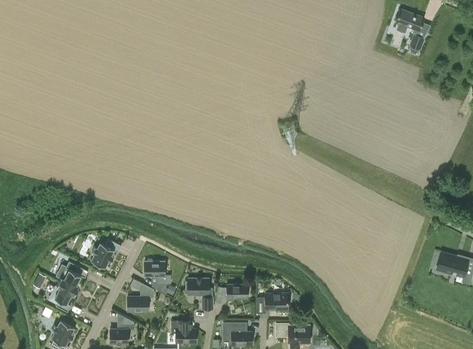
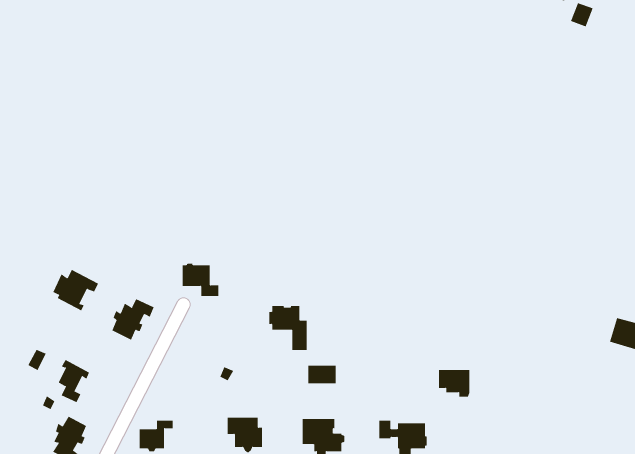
building: [144,260,170,283] -> [182,263,219,297]
building: [56,261,88,290] -> [53,269,99,311]
building: [186,278,213,309] -> [268,306,307,350]
building: [127,284,153,311] -> none
building: [265,293,287,312] -> [438,370,470,397]

